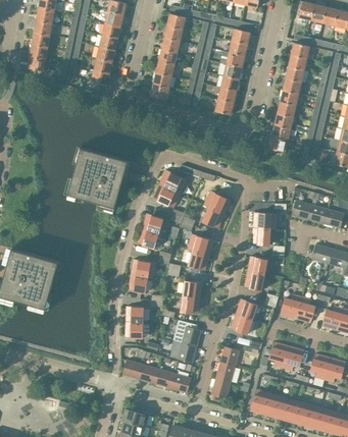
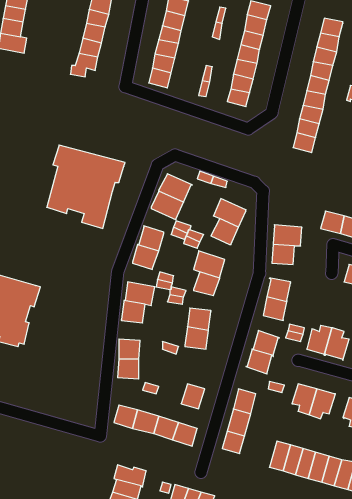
building: [171,320,200,346] -> none

